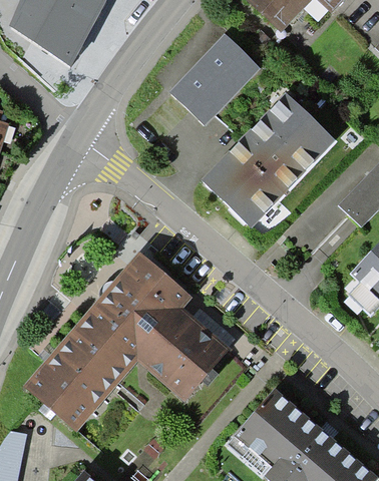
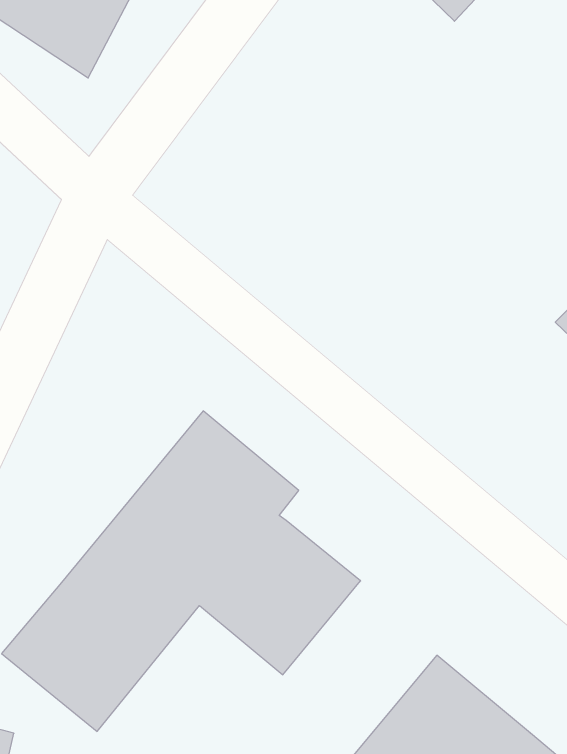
building: [169,35,258,123] -> none
building: [200,94,329,225] -> none

